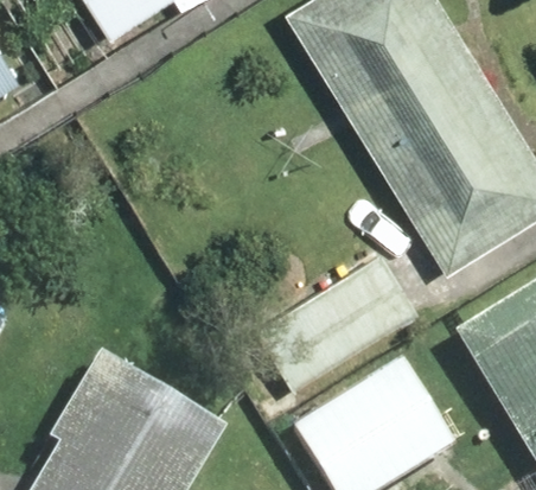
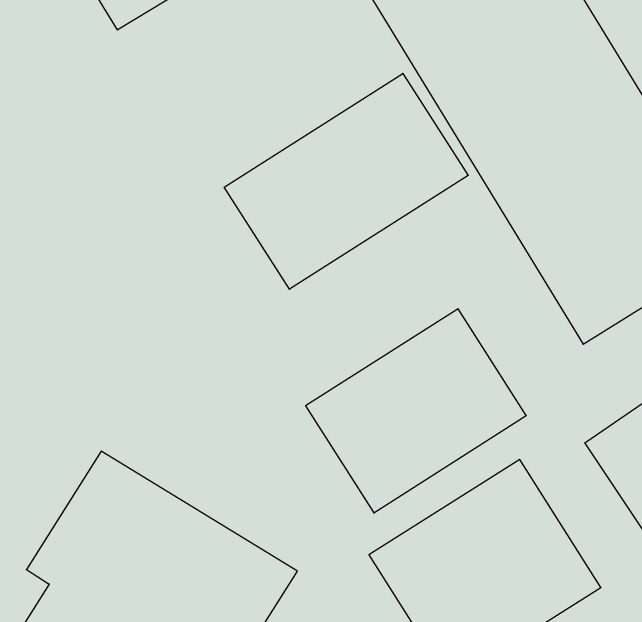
building: none -> [224,73,468,289]

